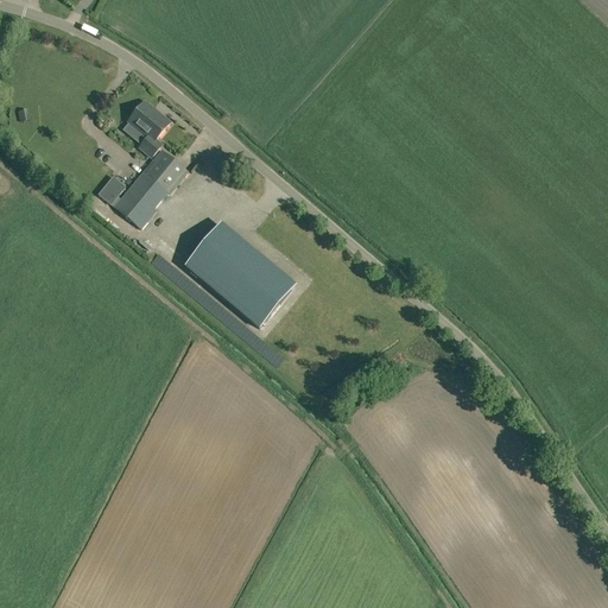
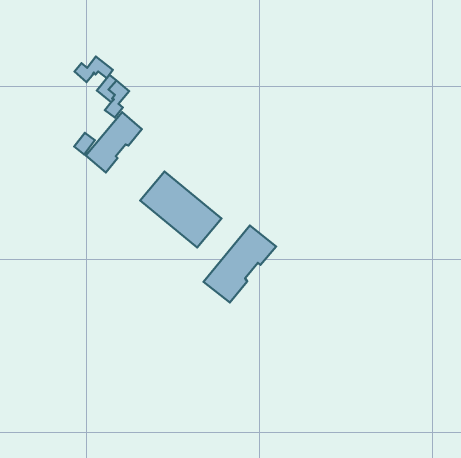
building: none -> [74,56,113,82]
building: none -> [204,226,276,302]

